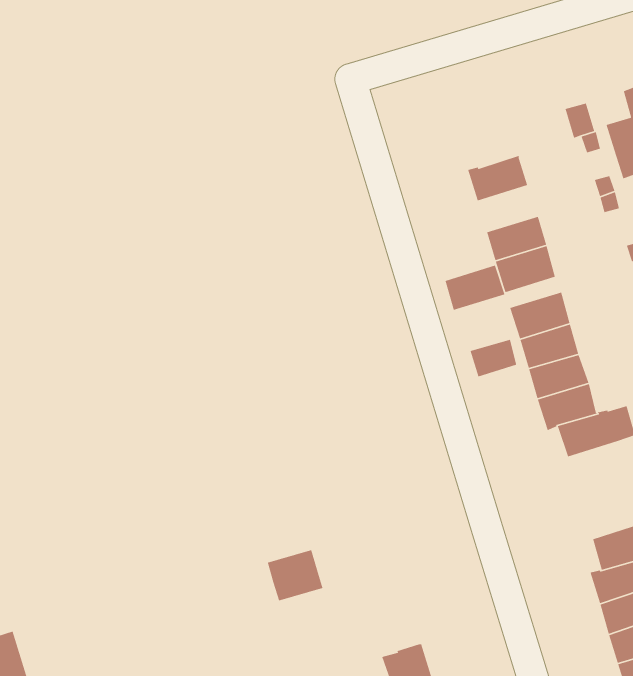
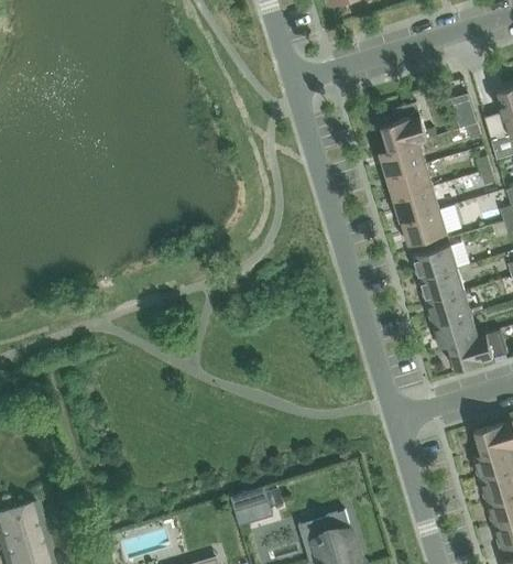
building: none -> [382,102,428,151]
building: [444,264,506,311] -> [388,164,434,199]
building: [470,339,517,377] -> none
building: [267,549,324,601] -> [231,487,274,527]

